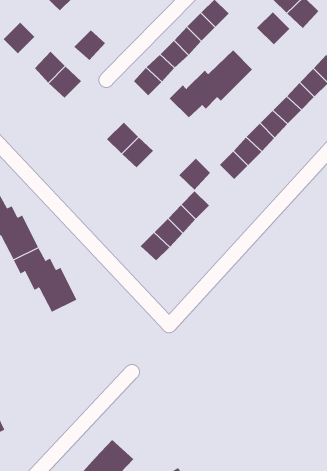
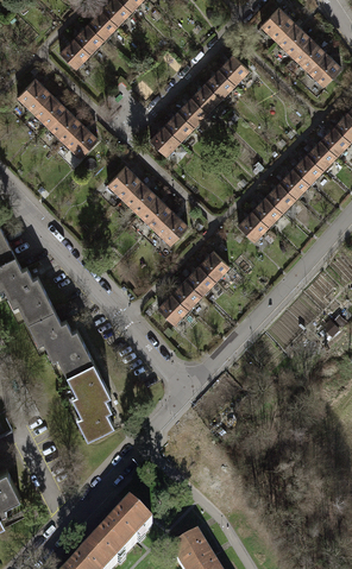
building: [256,11,290,45] -> none
building: [73,29,106,61] -> [32,95,65,127]
building: [169,49,253,118] -> none
building: none -> [107,166,140,200]
building: [178,158,211,190] -> [153,211,187,245]
building: none -> [67,363,113,440]

